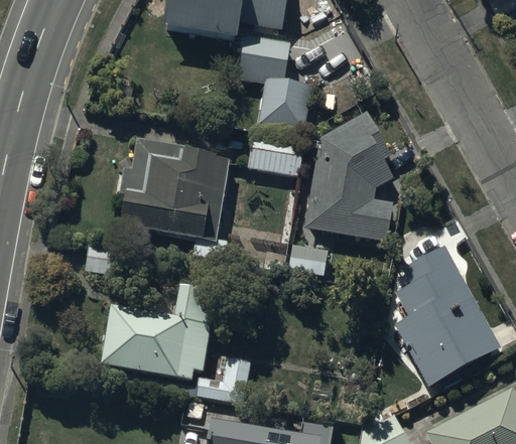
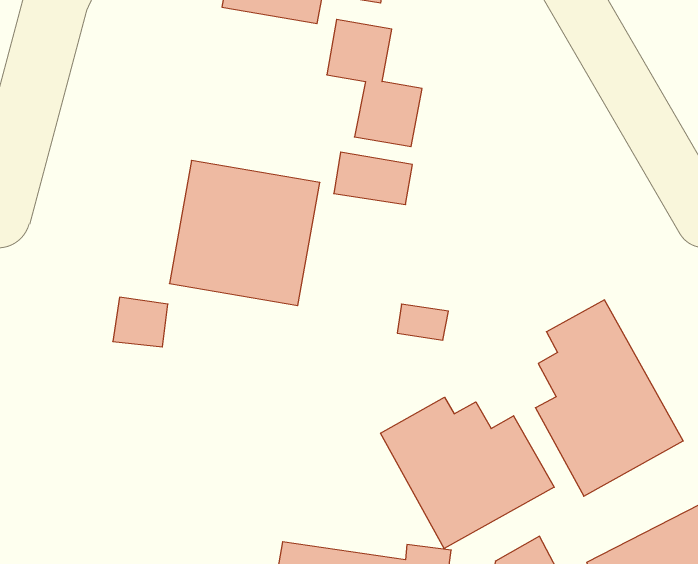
building: [304,114,393,244] -> none
building: [100,288,250,401] -> none
building: none -> [381,397,554,548]

